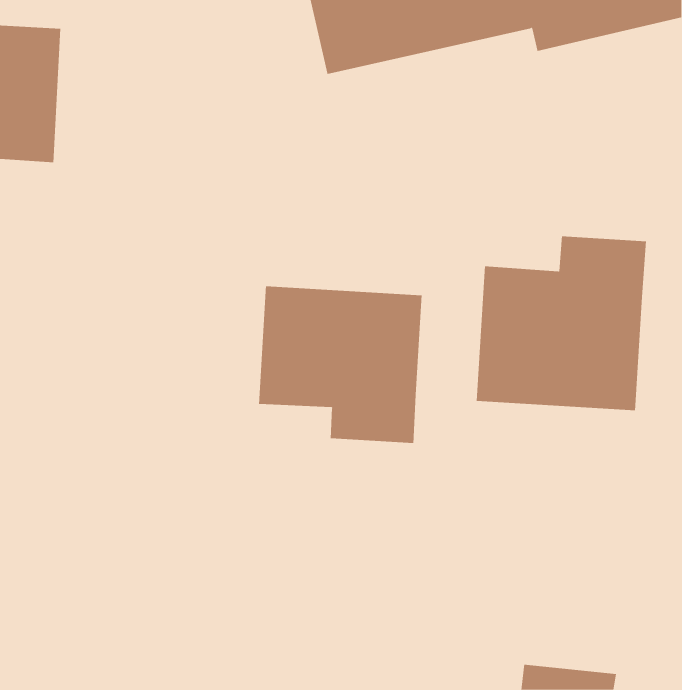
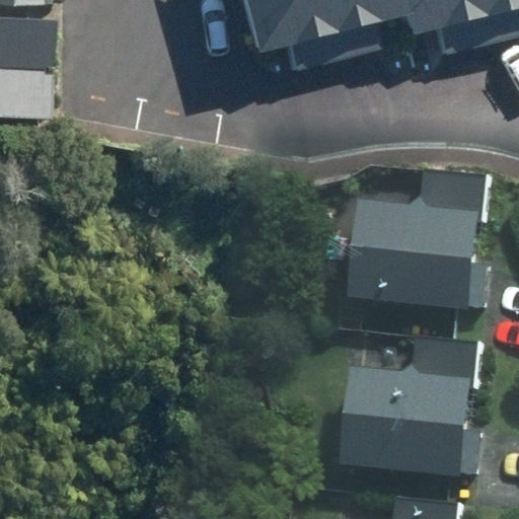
building: [258,285,422,444] -> none
building: none -> [353,337,474,473]

